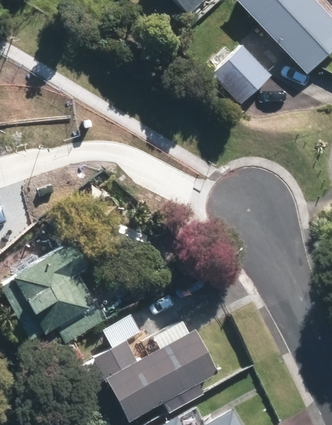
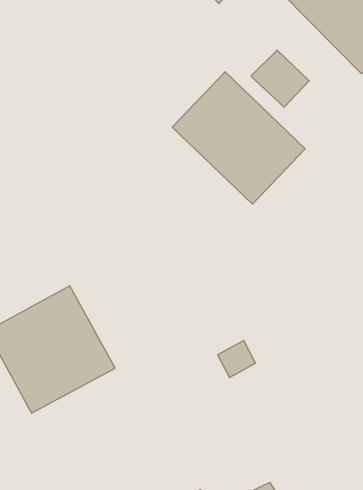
building: none -> [172,72,305,204]
building: [101,332,213,411] -> none

